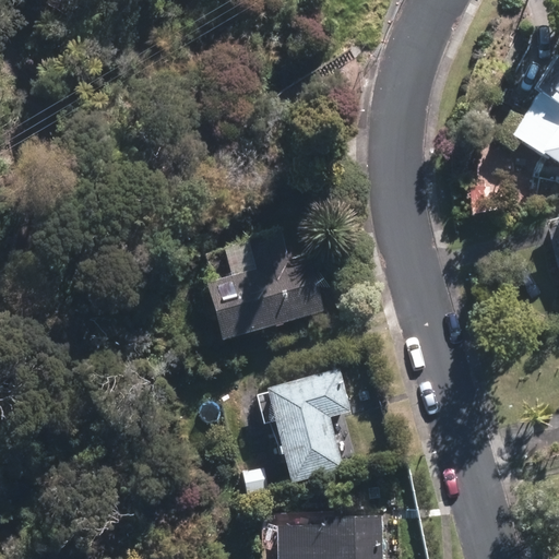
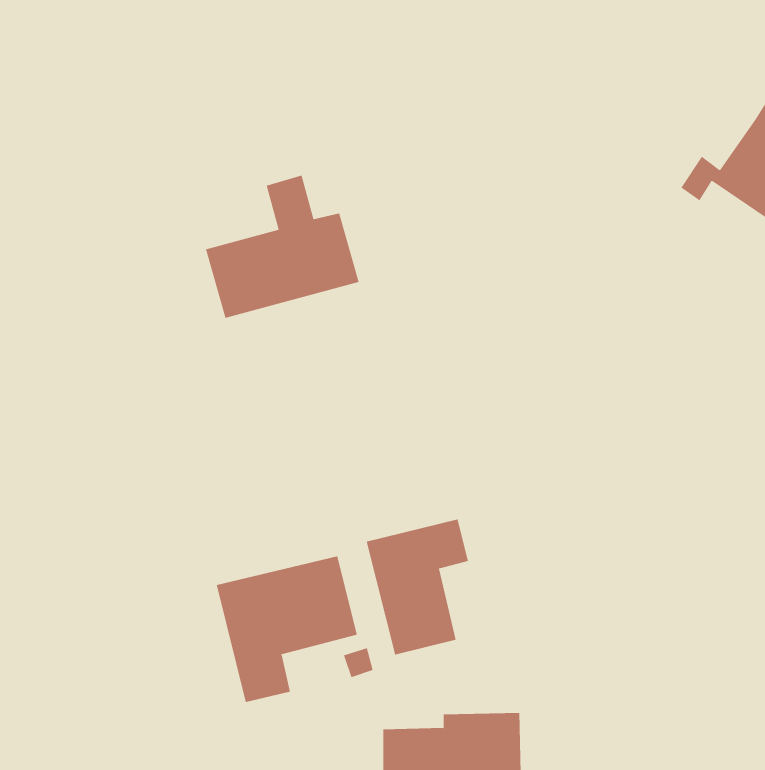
building: [207,230,319,334] -> [205,175,360,319]
building: none -> [216,556,357,703]

